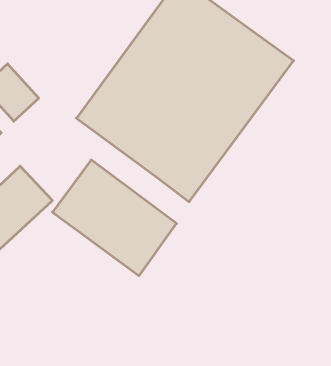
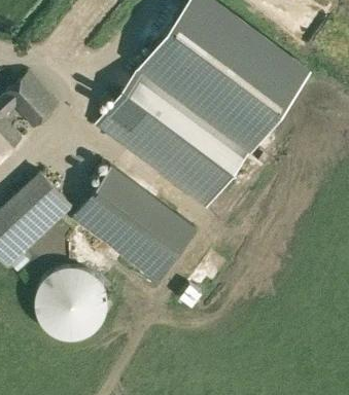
building: none -> [35,265,110,340]

